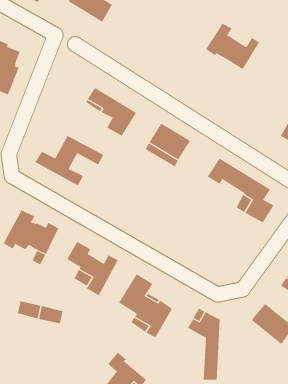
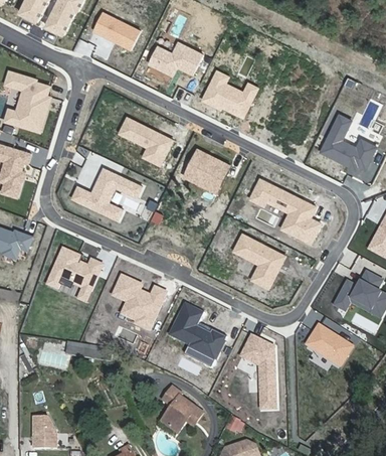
building: none -> [148,42,201,75]
building: [205,23,260,70] -> [201,71,256,118]
building: none -> [233,234,283,288]

